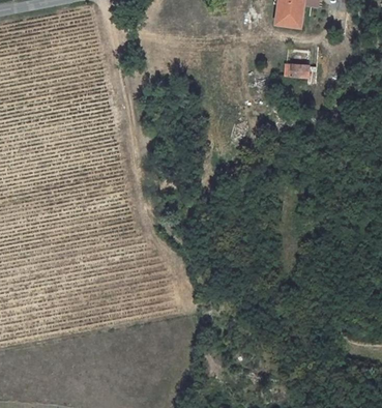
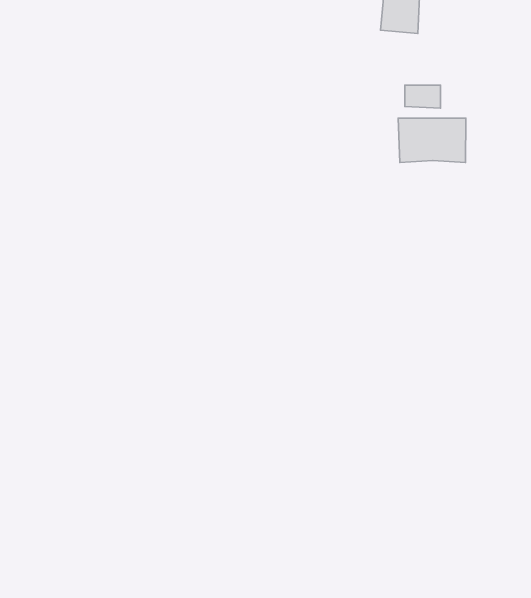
building: none -> [398,118,466,163]

